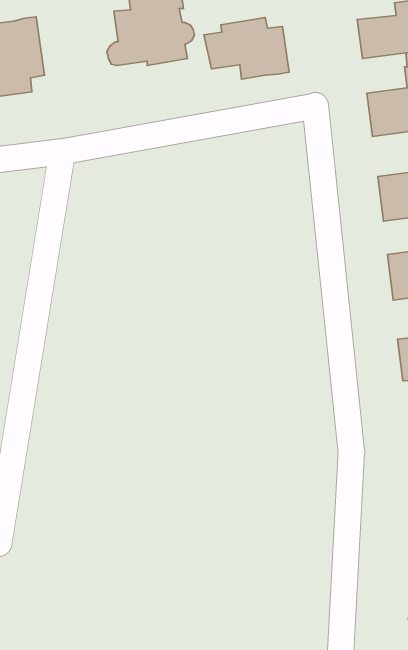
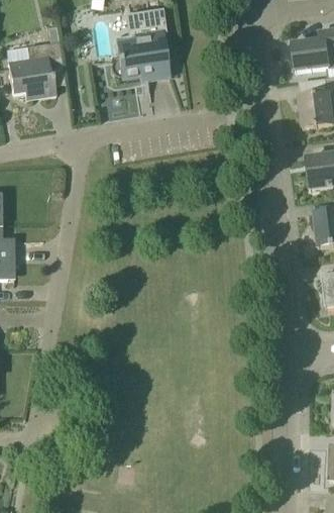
building: [204,17,289,79] -> none

